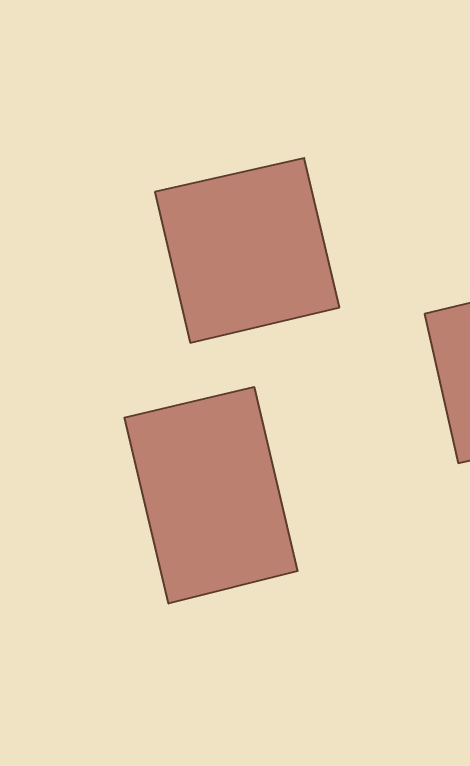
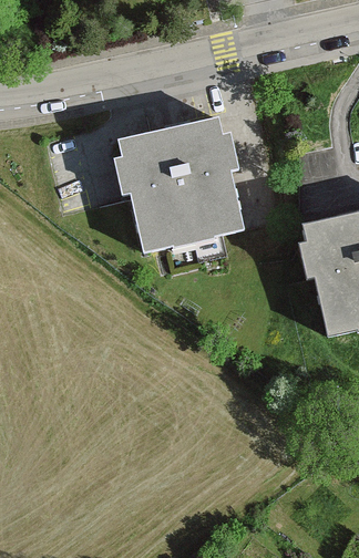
building: [124,387,298,604] -> none

